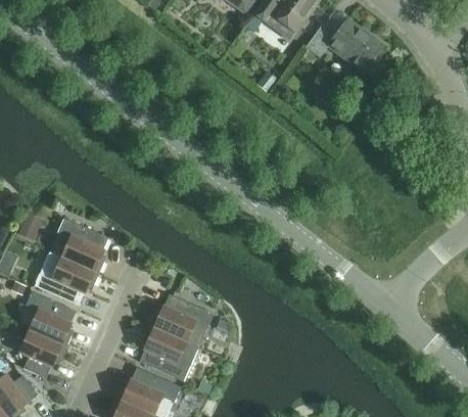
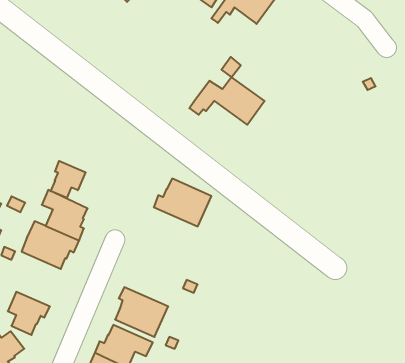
building: [301,19,385,73] -> [189,77,265,125]
building: none -> [51,161,86,198]
building: [25,290,76,346] -> none
building: [149,293,214,346] -> [154,179,211,226]

